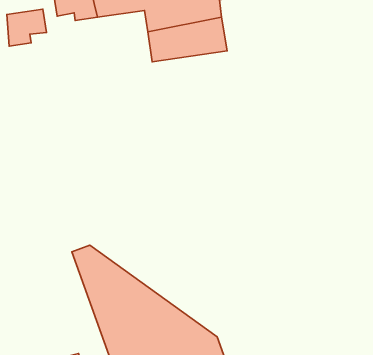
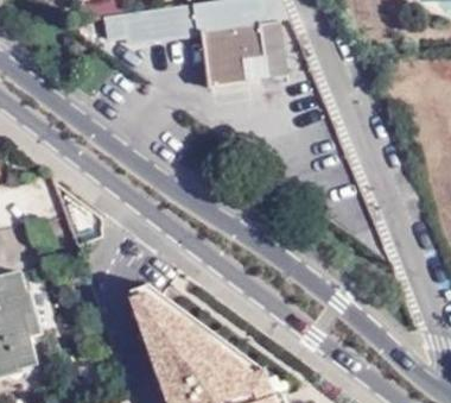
building: [7,9,46,46] -> none

